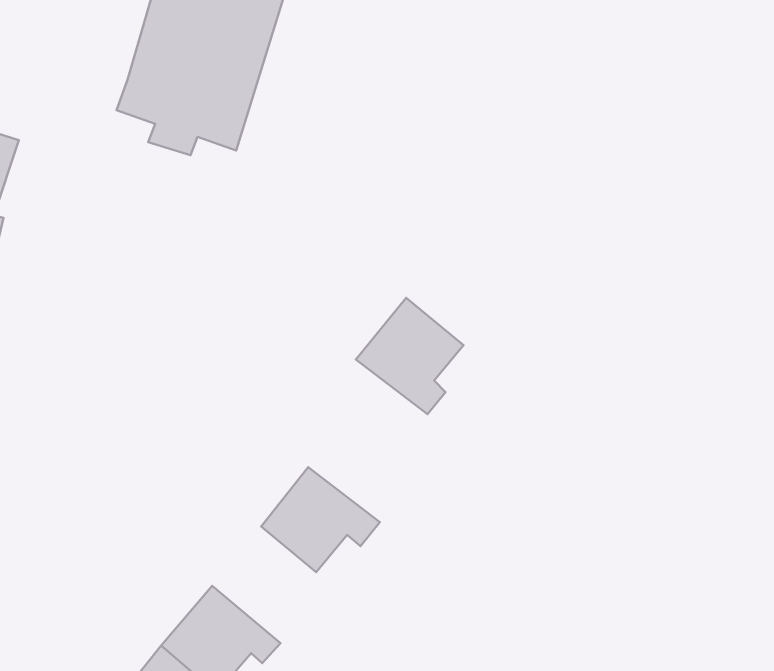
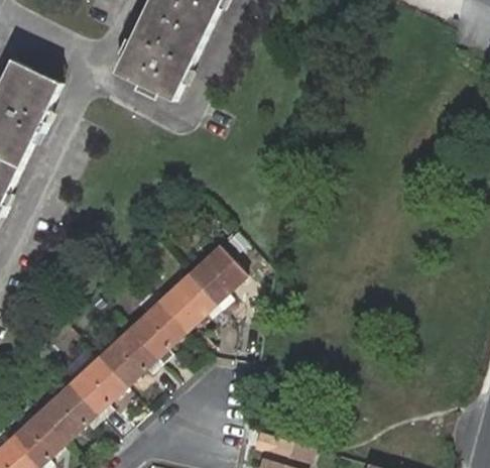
building: [356,298,463,414] -> [185,249,242,312]
building: none -> [125,305,180,367]

